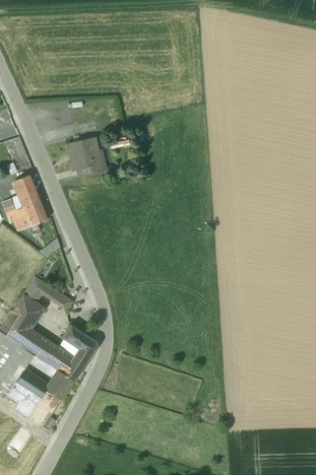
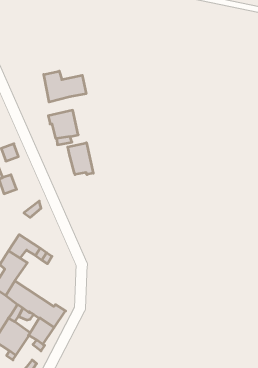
building: none -> [44,71,86,102]
building: none -> [68,143,93,175]
building: [19,189,46,225] -> none
building: [62,325,97,361] -> none

